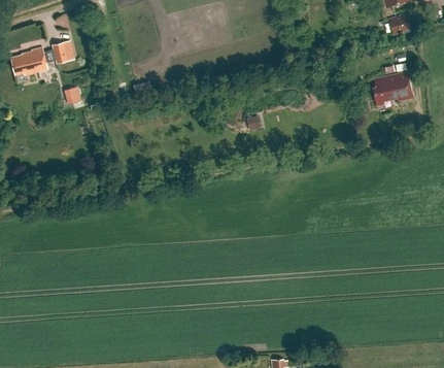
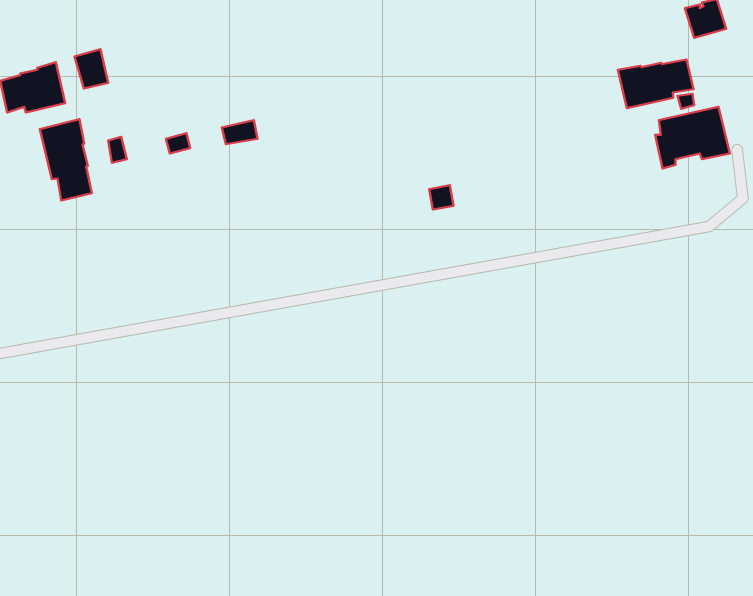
building: none -> [618,59,693,108]
building: none -> [40,119,92,201]

